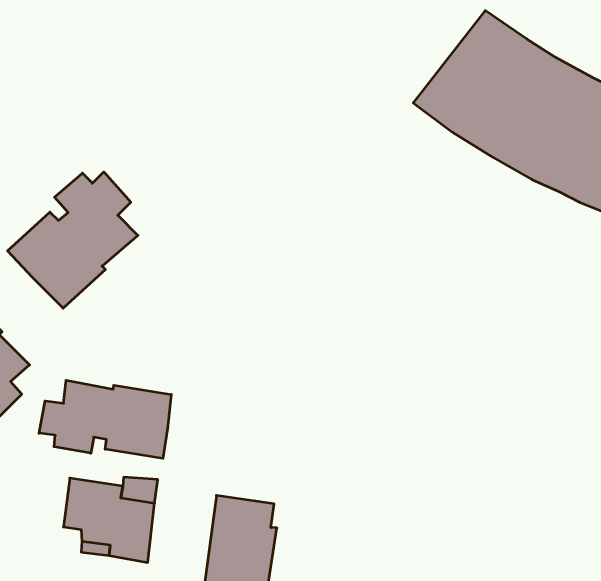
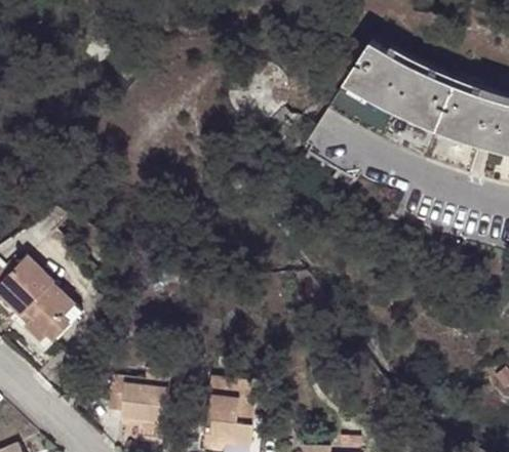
building: [8,172,138,308] -> none
building: [39,380,171,458] -> none

